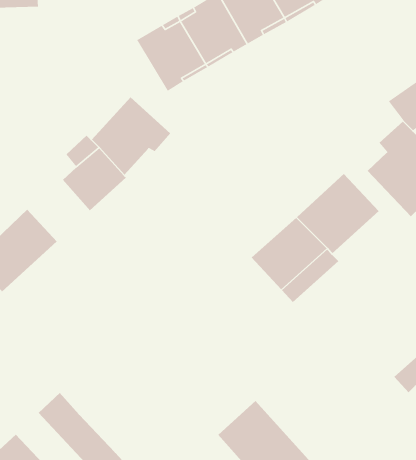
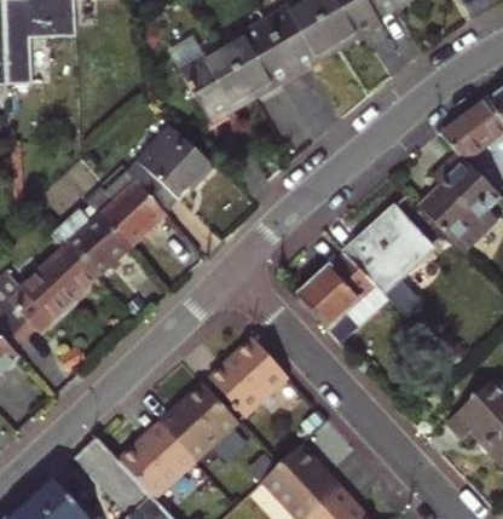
building: none -> [53,208,129,278]
building: none -> [209,339,291,419]
building: none -> [118,382,241,498]

